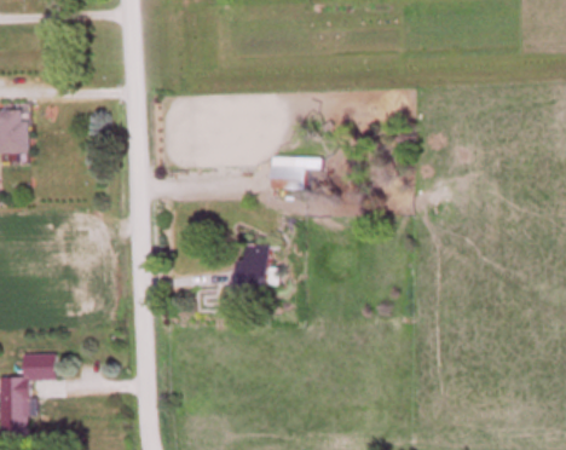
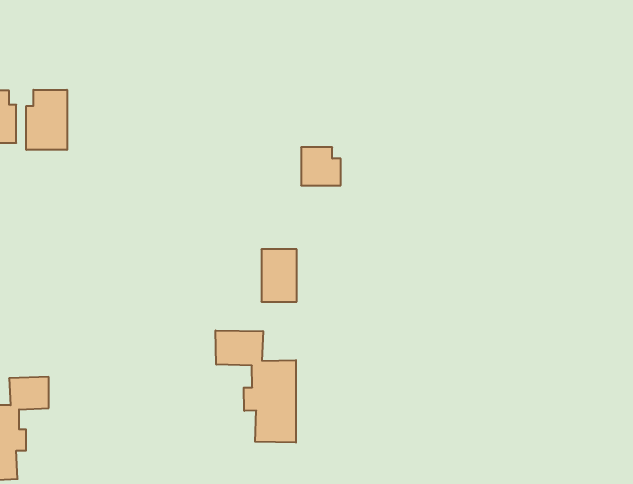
building: none -> [26,90,67,150]
building: none -> [216,330,296,443]

